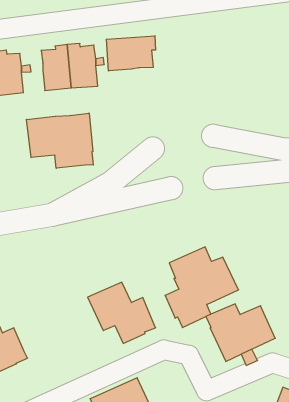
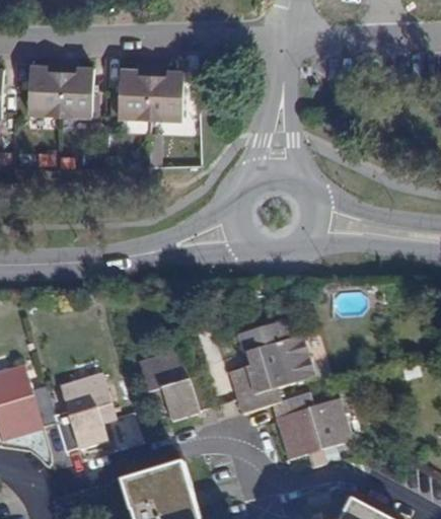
building: [106,36,155,71] -> none
building: [26,113,93,168] -> none
building: none -> [53,375,114,453]

